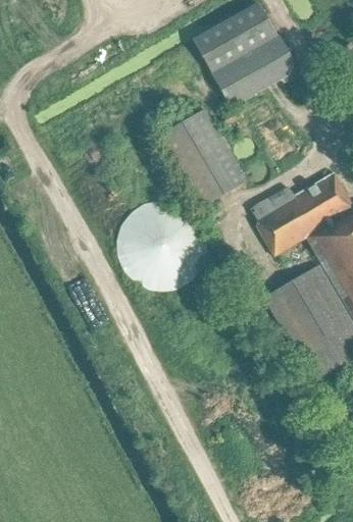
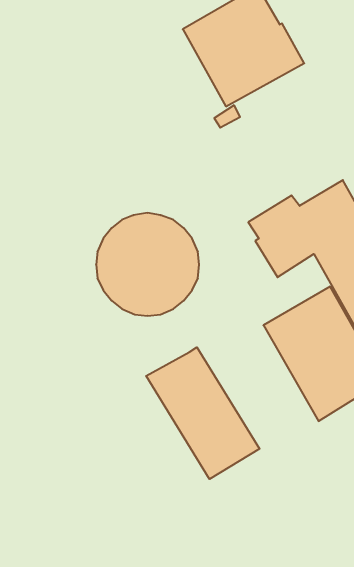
building: [157,107,248,207] -> none
building: none -> [146,347,260,479]

